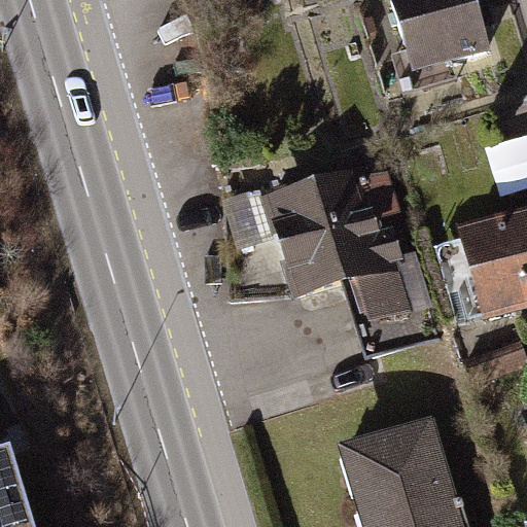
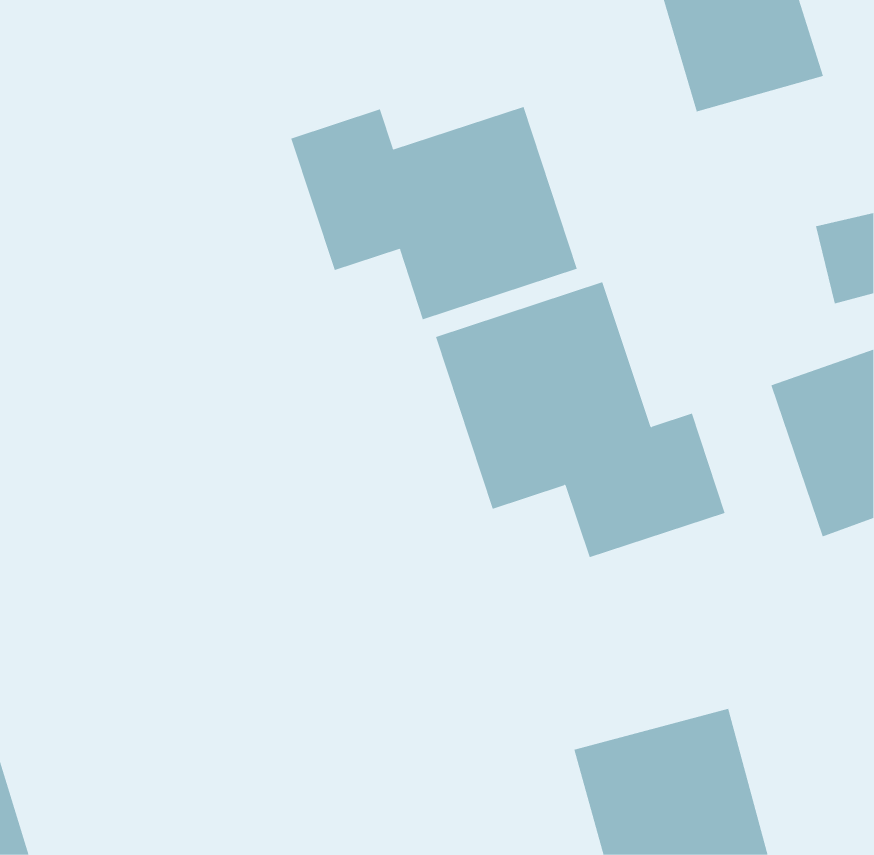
building: none -> [291,106,577,320]

